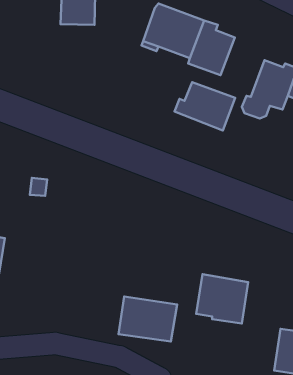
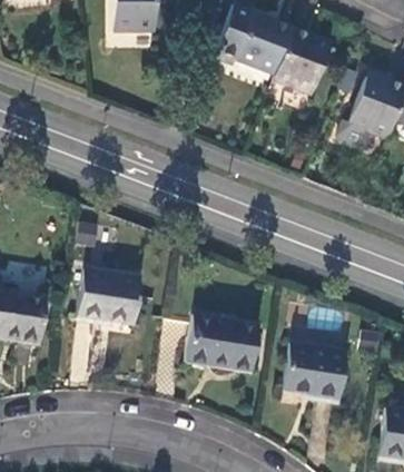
building: [174,82,235,131] -> none
building: none -> [77,267,140,324]
building: [119,296,177,341] -> [188,307,260,363]

